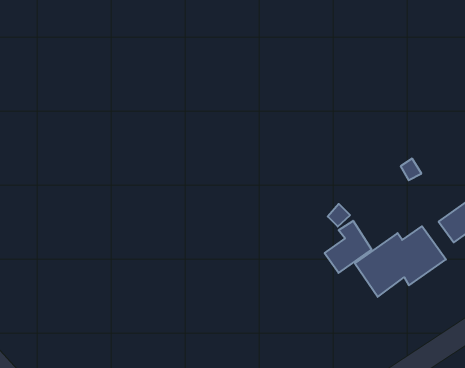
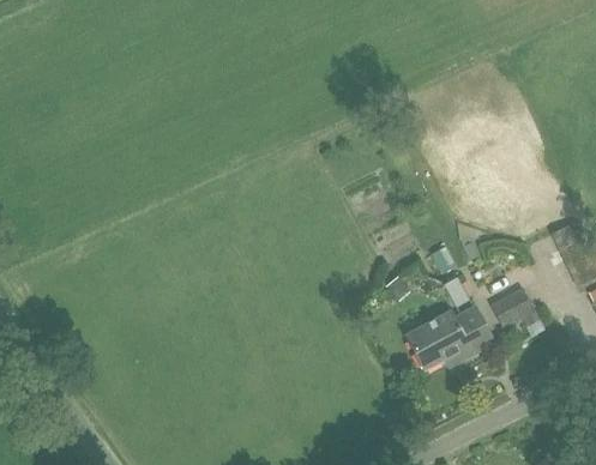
building: [325,221,371,273] -> none

